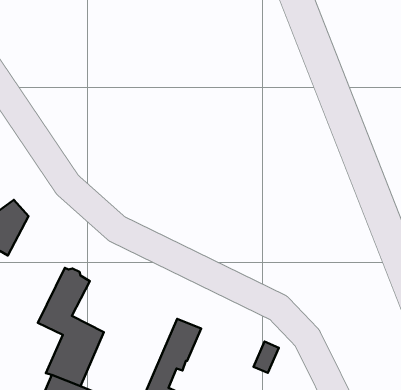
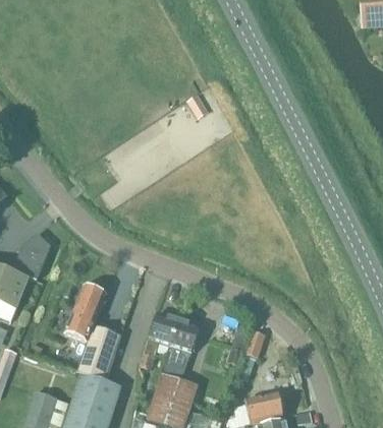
building: none -> [143,311,179,355]

